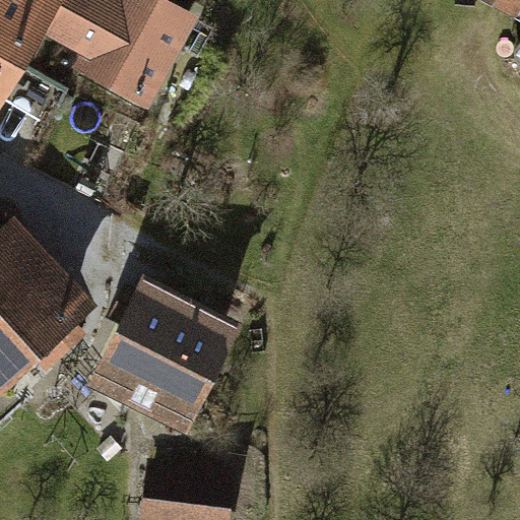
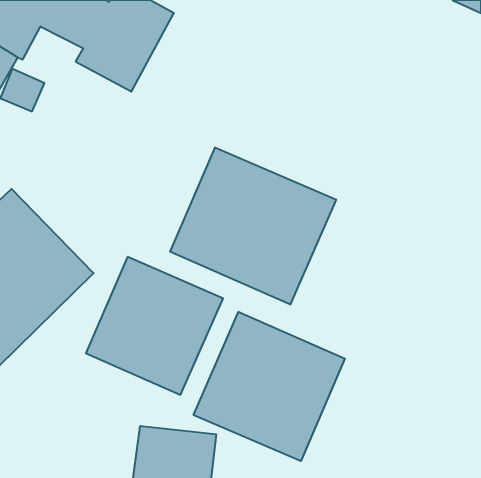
building: none -> [170,147,336,305]
building: none -> [194,312,345,461]

